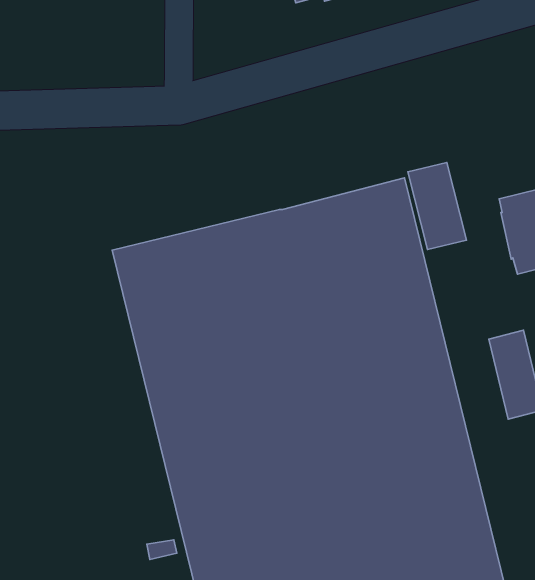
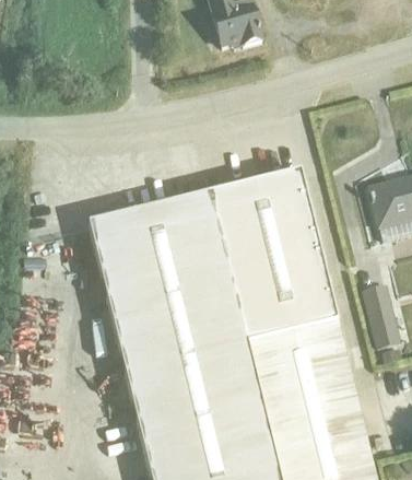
building: [408,162,467,250] -> none

